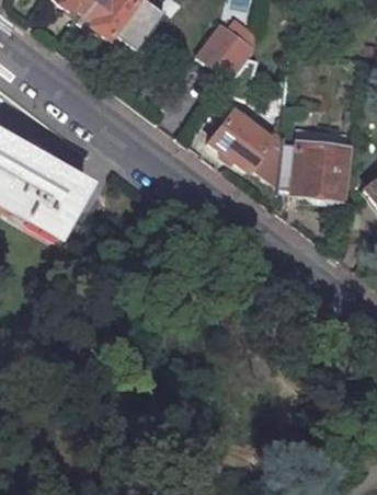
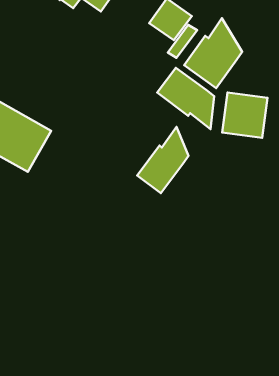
building: none -> [184,18,242,88]
building: none -> [137,127,188,193]

